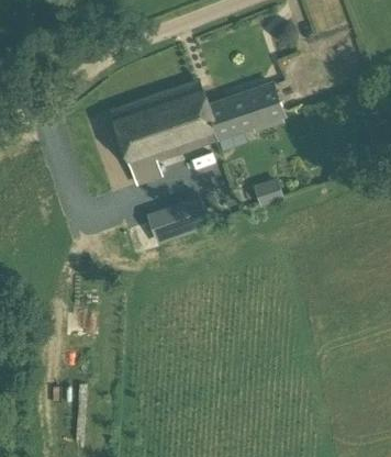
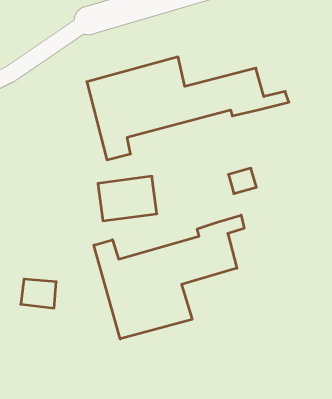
building: none -> [94,215,244,339]

